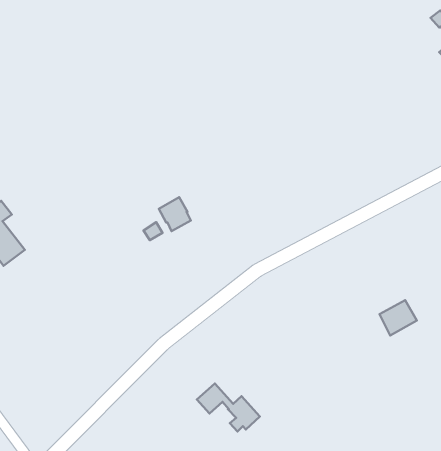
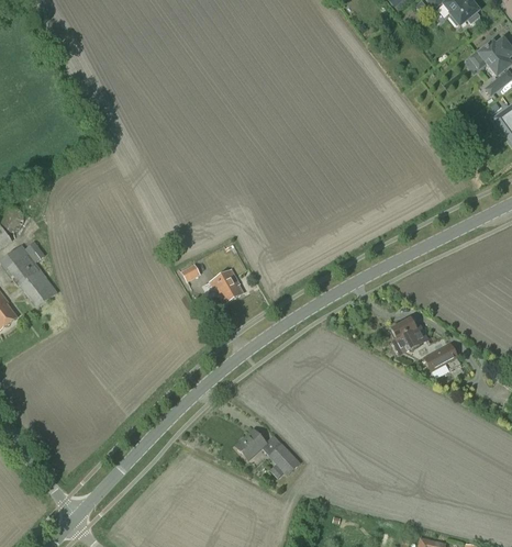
building: [159,197,191,231] -> [210,267,243,302]
building: none -> [391,317,426,350]

